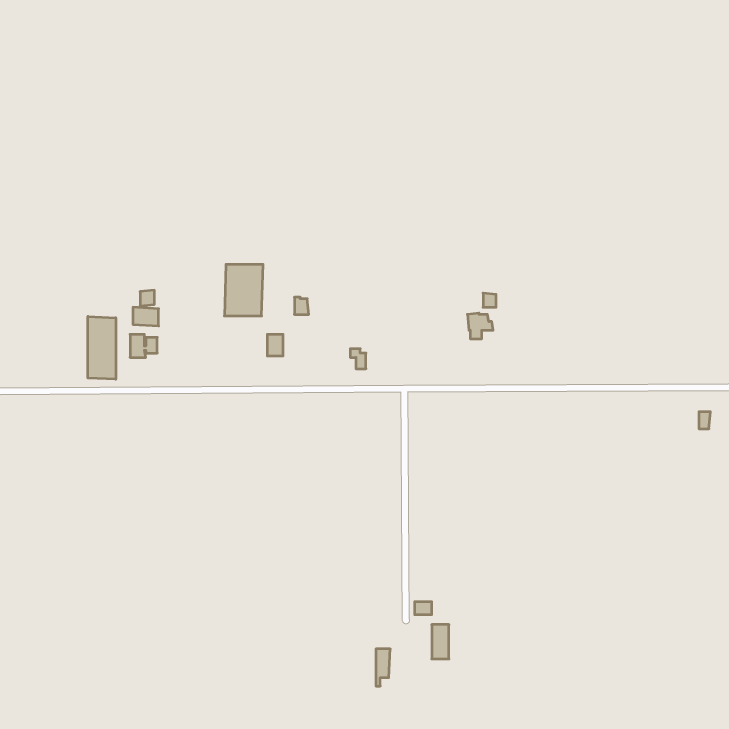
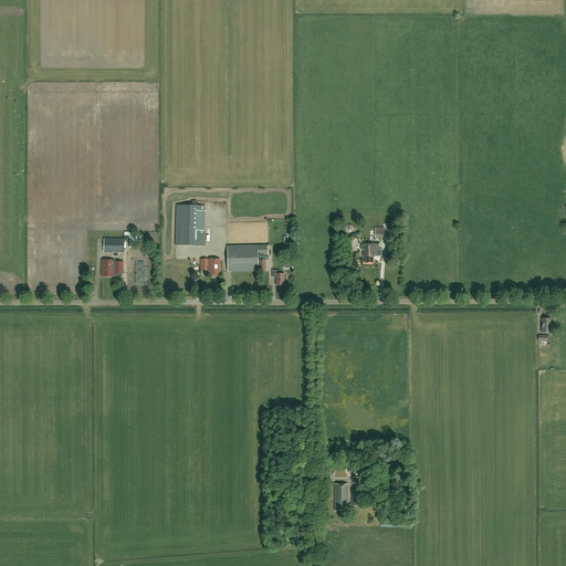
building: [88,316,116,379] -> none
building: none -> [227,245,266,271]

